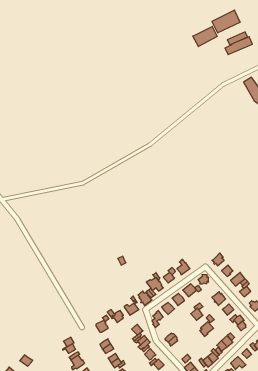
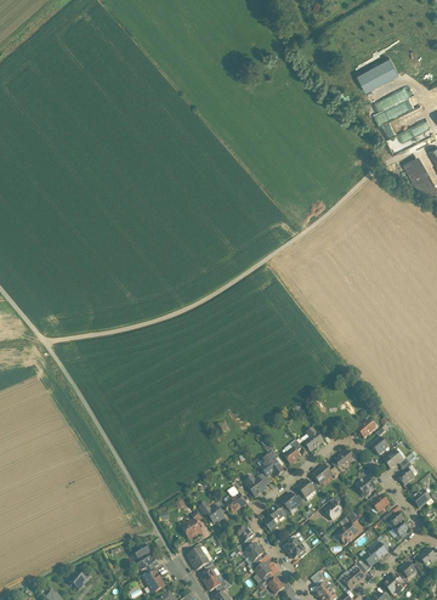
building: [193,26,217,47] -> none

